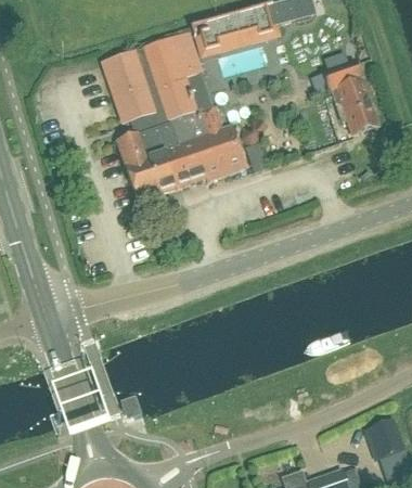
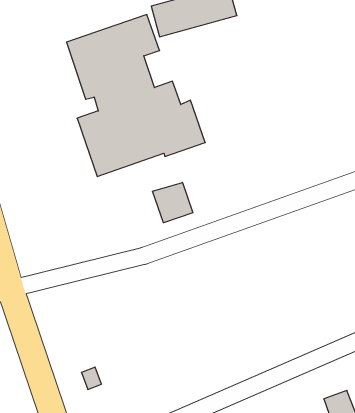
building: [324,62,379,136] -> none
building: none -> [152,182,193,223]

